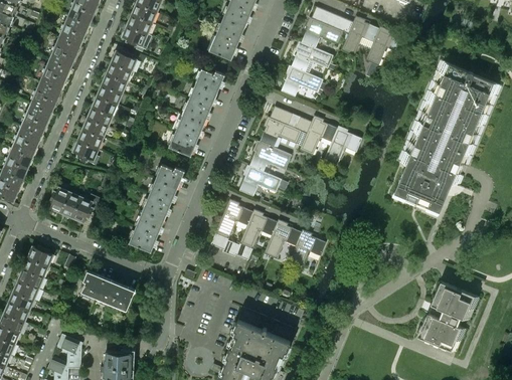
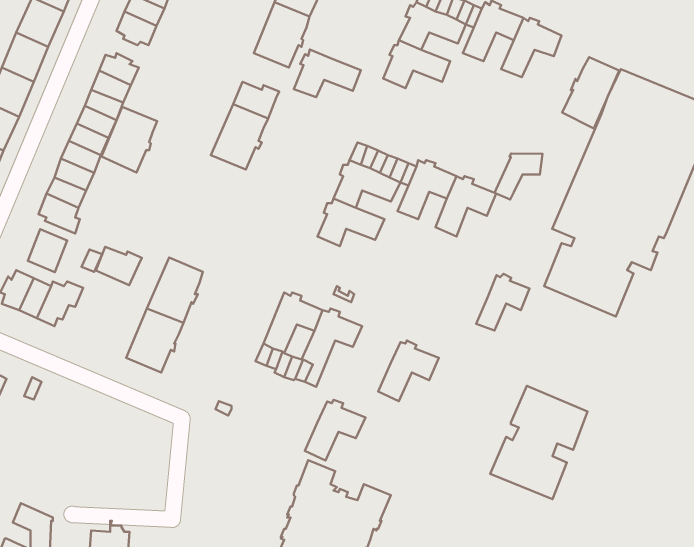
building: none -> [562,57,619,128]
building: [280,67,322,98] -> [294,49,361,97]
building: none -> [494,154,543,199]
building: [168,116,203,157] -> [101,107,157,172]
building: none -> [28,229,67,272]
building: [155,165,184,189] -> [96,247,142,285]
building: [238,167,281,197] -> none
building: none -> [476,274,529,330]
building: [263,222,301,260] -> [305,400,365,460]
building: [80,271,134,311] -> none
building: [416,281,478,353] -> [490,386,588,499]

